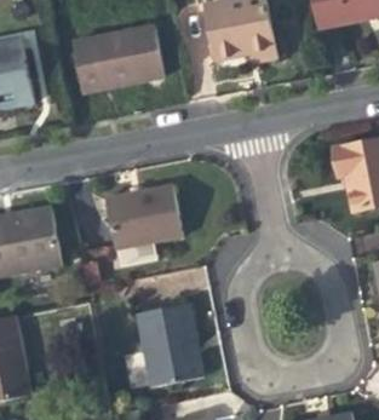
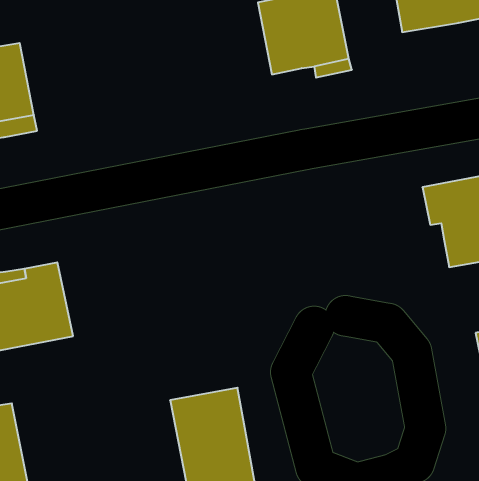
building: [71,25,163,93] -> none
building: [104,185,182,248] -> none

